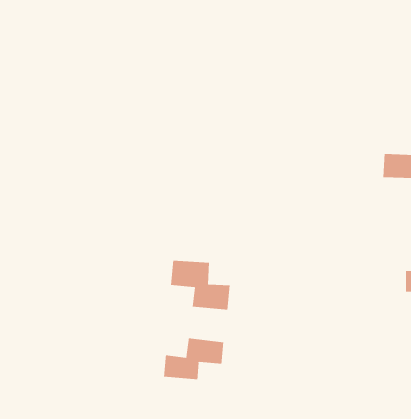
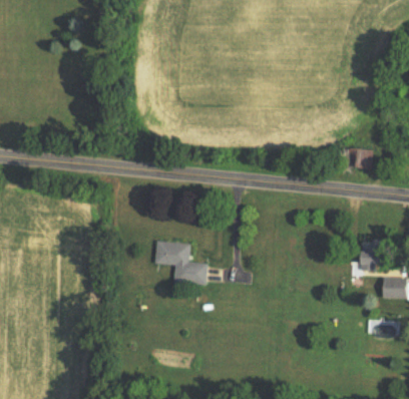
building: [163,338,224,380] -> none

